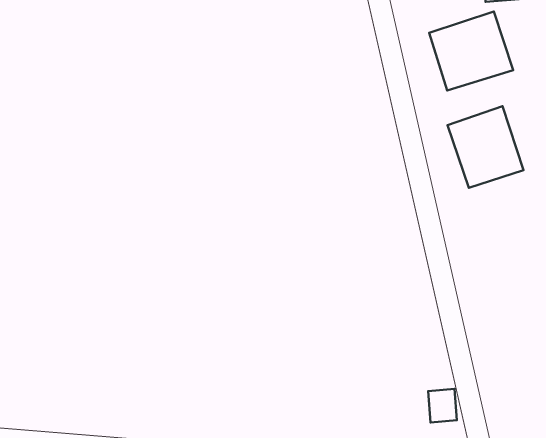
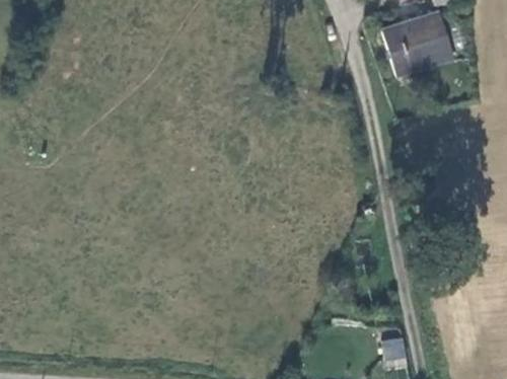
building: [448,106,524,188] -> none

